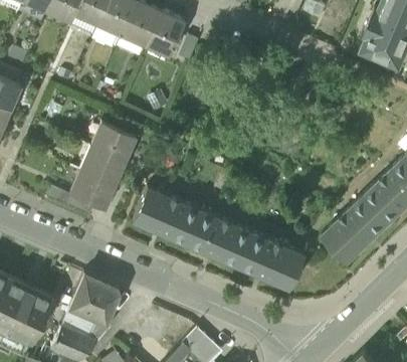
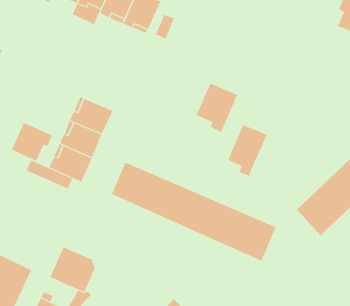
building: none -> [196,83,238,133]
building: none -> [11,122,53,161]
building: none -> [227,124,267,176]

